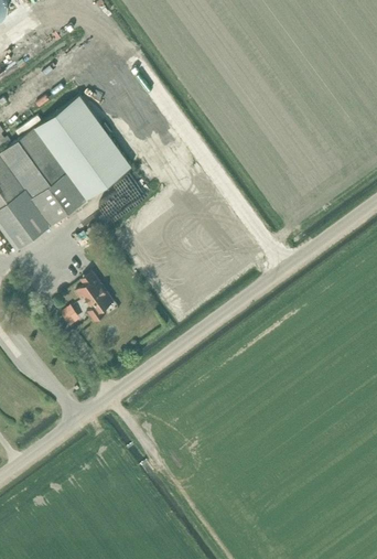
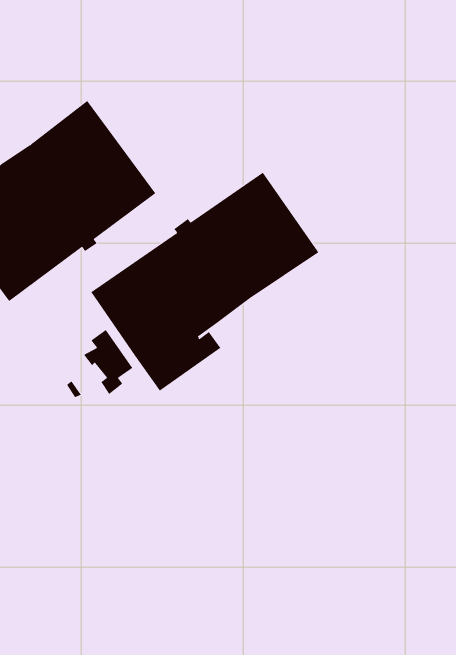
building: none -> [91,172,319,391]

